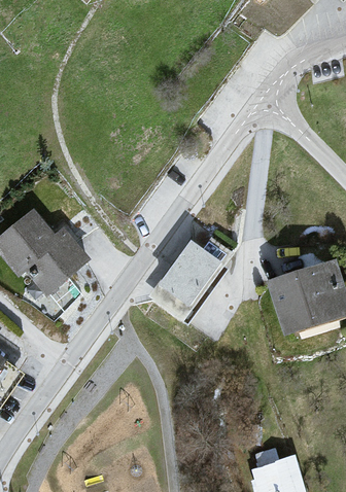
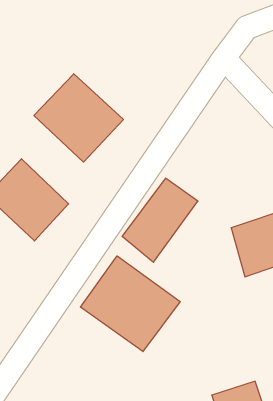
building: none -> [34,74,123,162]
building: none -> [80,256,180,352]

